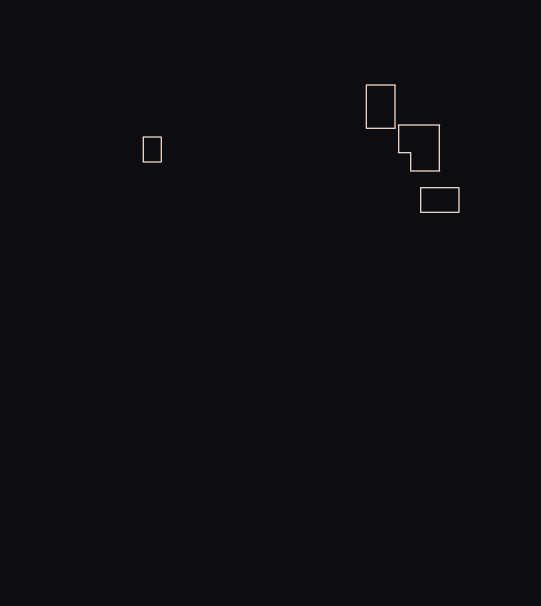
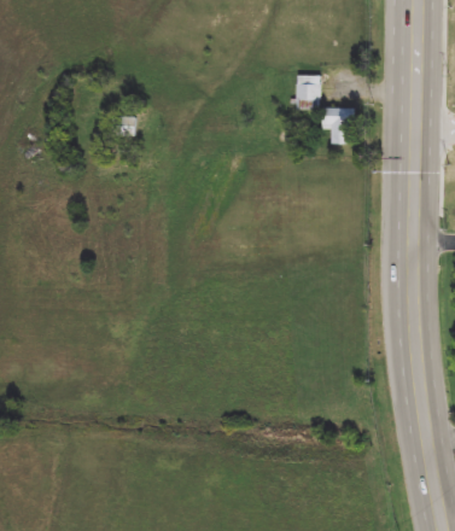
building: [421,188,459,212] -> none

